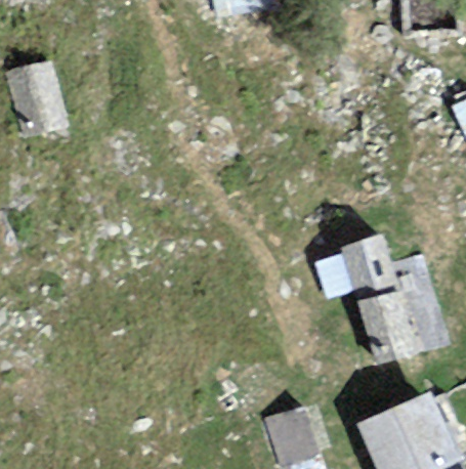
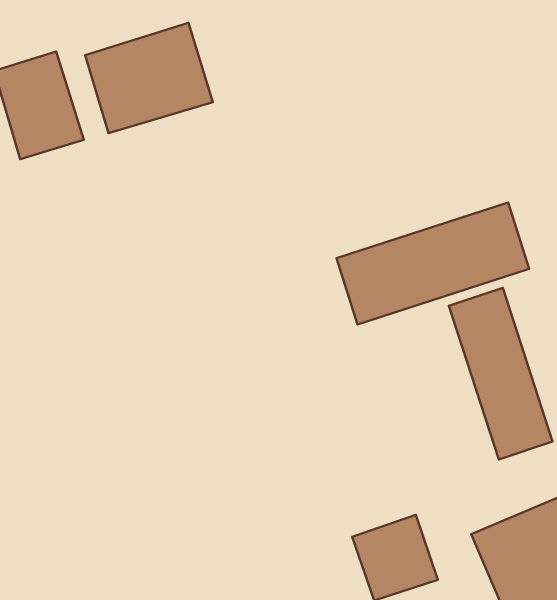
building: none -> [85,23,213,133]
building: none -> [337,203,529,325]

